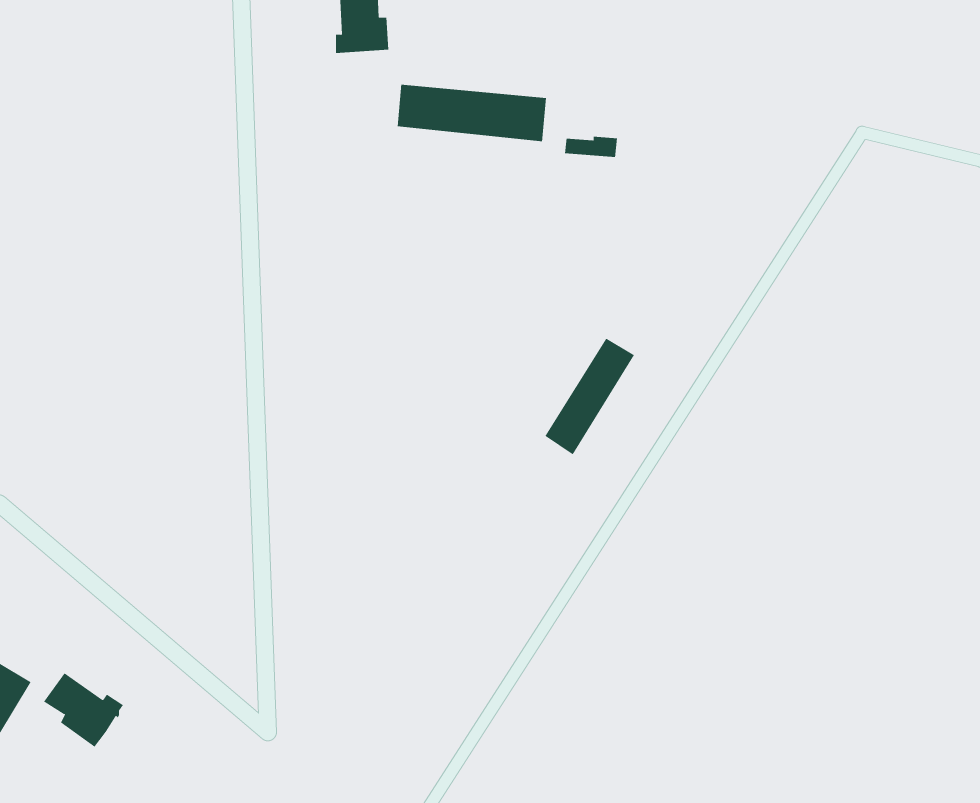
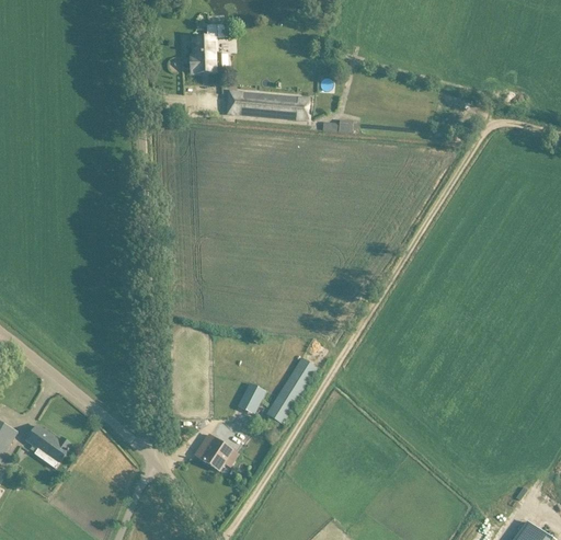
building: [544,338,635,455] -> [266,356,318,423]
building: none -> [237,381,266,414]
building: none -> [196,434,233,470]

